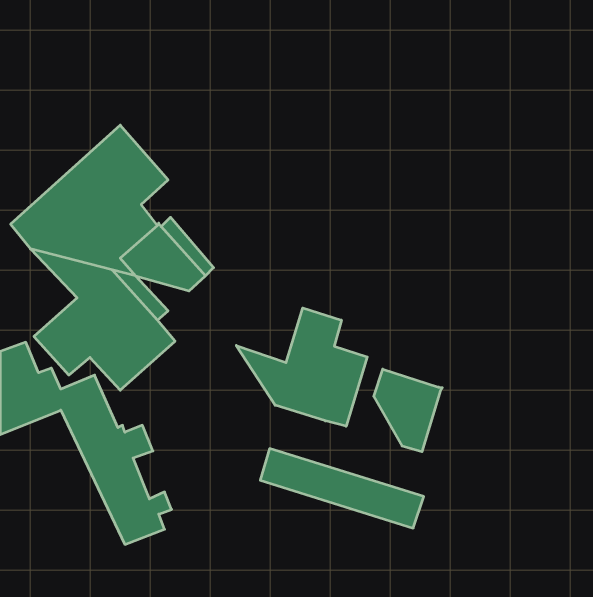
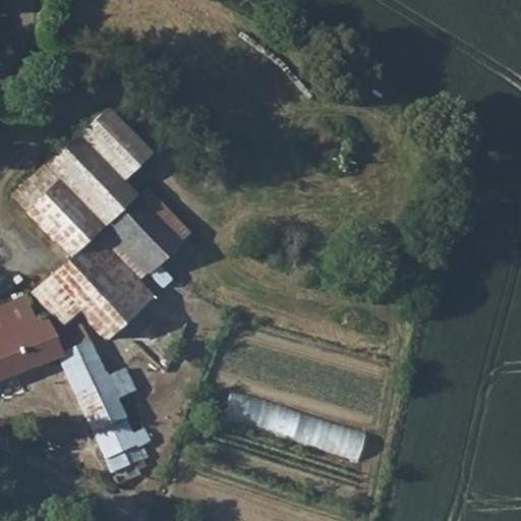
building: none -> [121,240,176,289]
building: [236,308,367,426] -> none
building: [374,369,442,452] -> none

